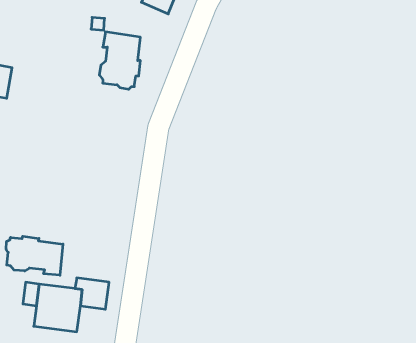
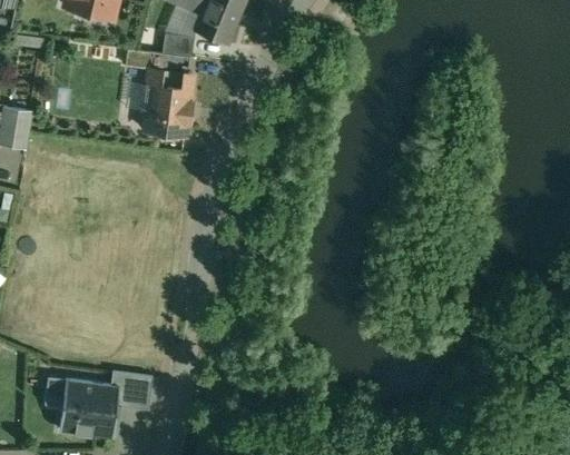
building: none -> [161,33,194,58]
building: [6,236,63,275] -> none

